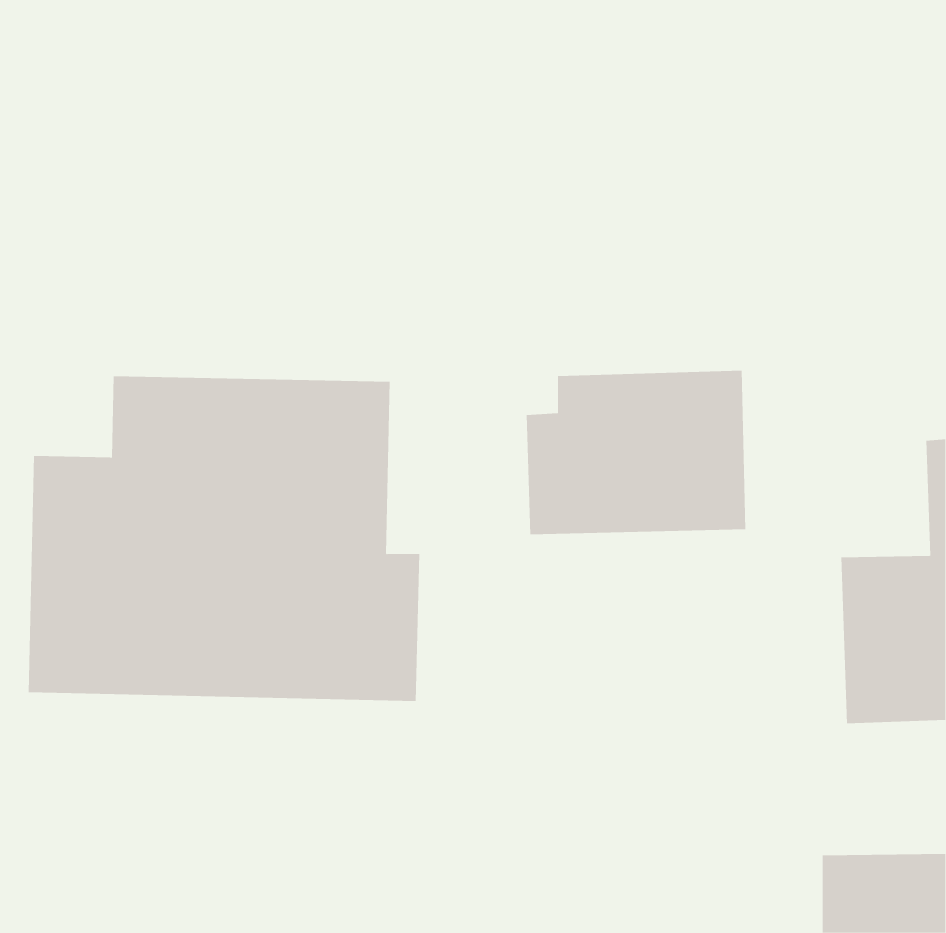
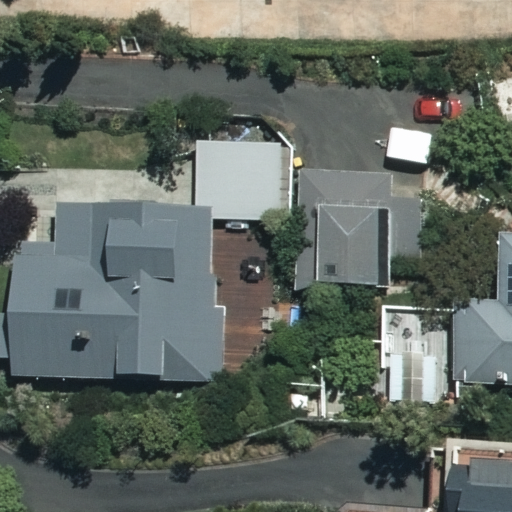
building: none -> [214,141,285,222]
building: none -> [377,301,446,399]

